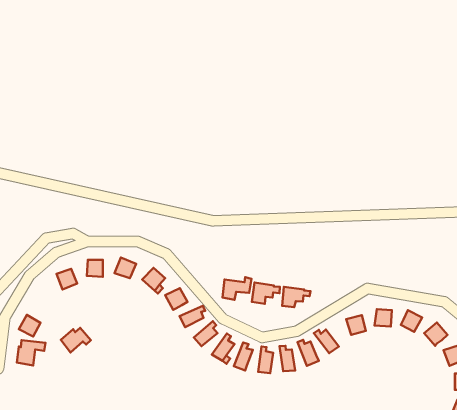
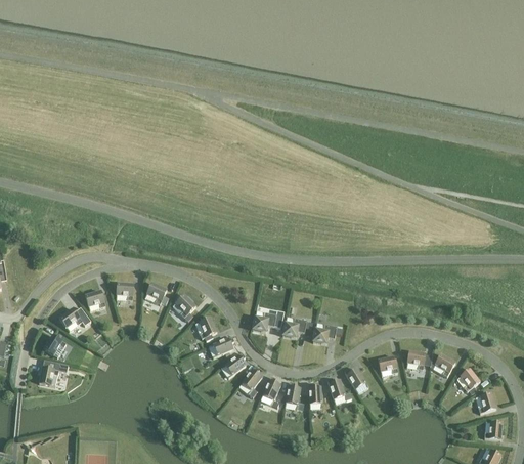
building: [61,328,91,352] -> [60,307,91,332]

